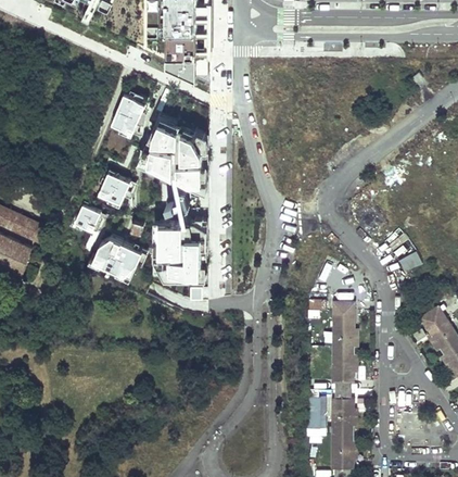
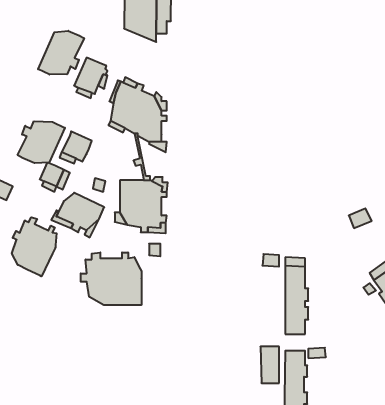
building: none -> [38,31,84,75]
building: none -> [18,121,65,163]
building: none -> [12,217,57,276]
building: none -> [81,252,141,305]

